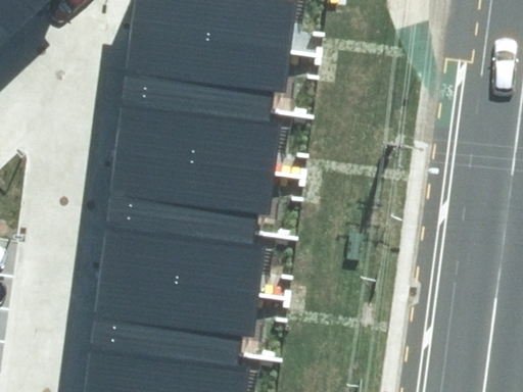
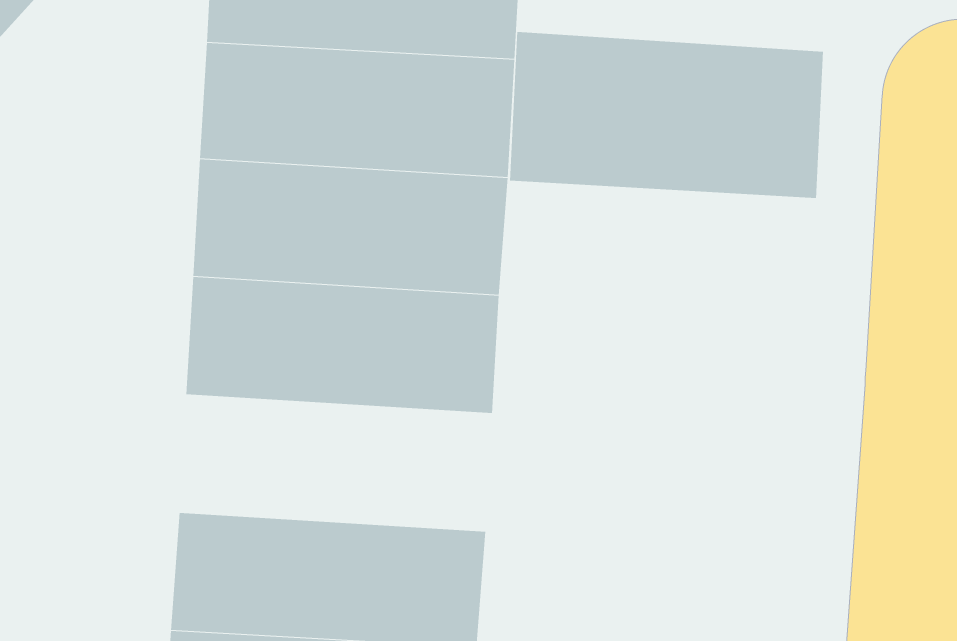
building: none -> [509,31,823,199]
building: [97,229,264,308] -> none

